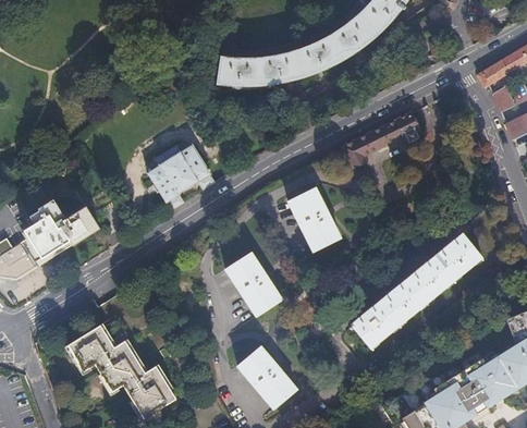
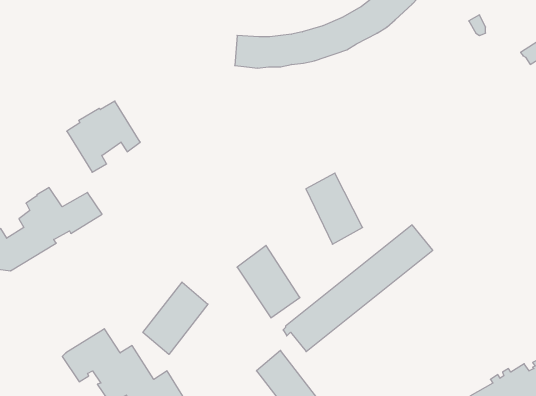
building: [344,113,417,172] -> none
building: [150,147,217,211] -> [67,101,140,172]
building: [345,234,480,348] -> [283,225,433,352]
building: none -> [143,282,208,354]

